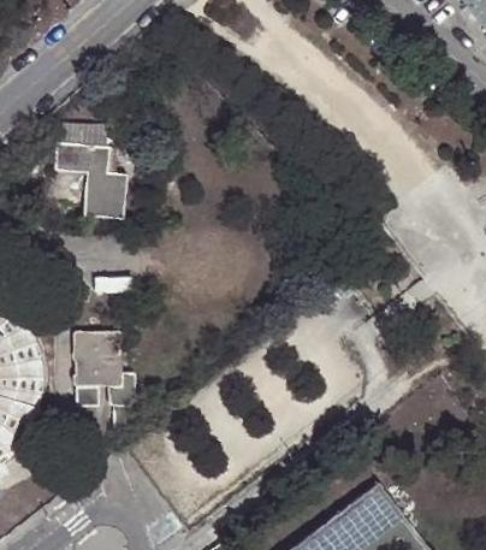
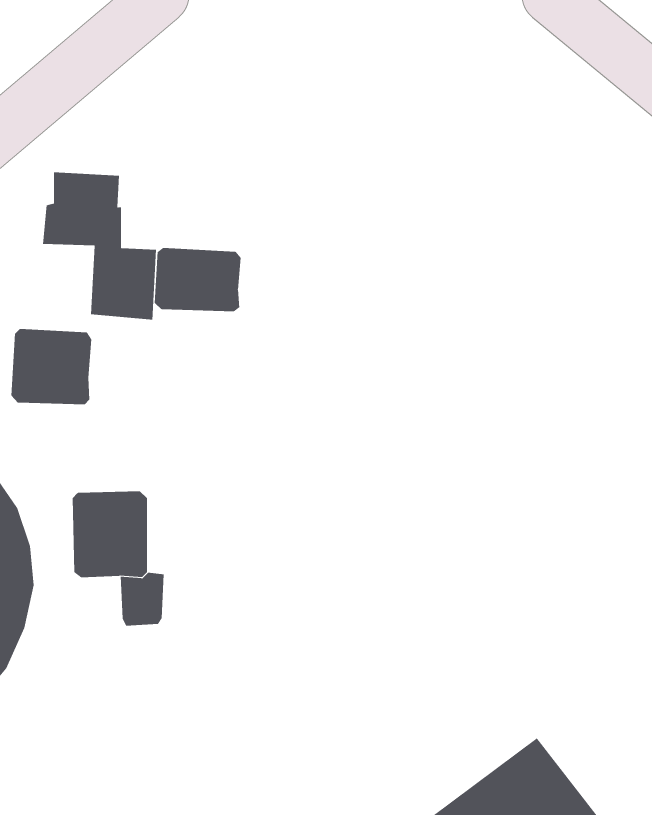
building: none -> [154,247,241,312]
building: none -> [11,328,92,405]

